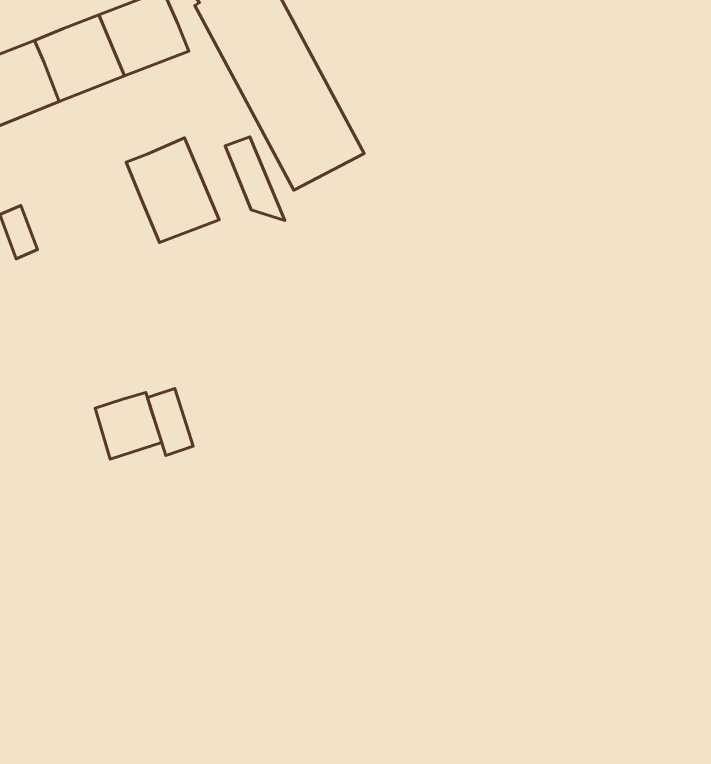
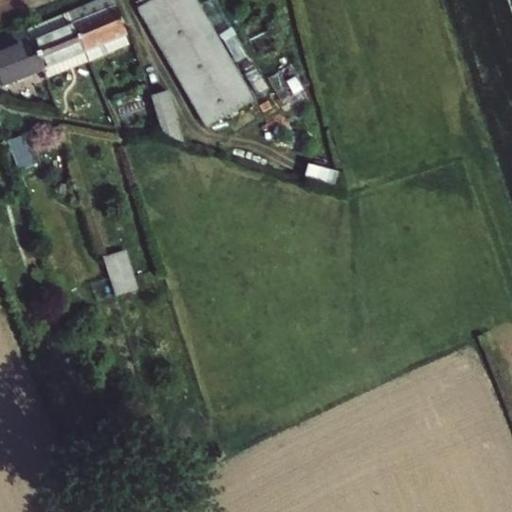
building: [126,138,219,243] -> none
building: [95,392,162,459] -> none

